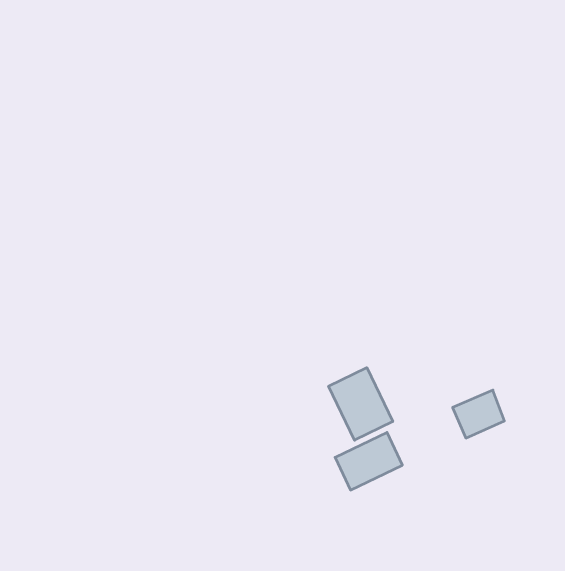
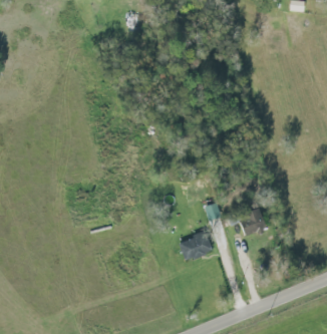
building: [329,368,393,440] -> none

